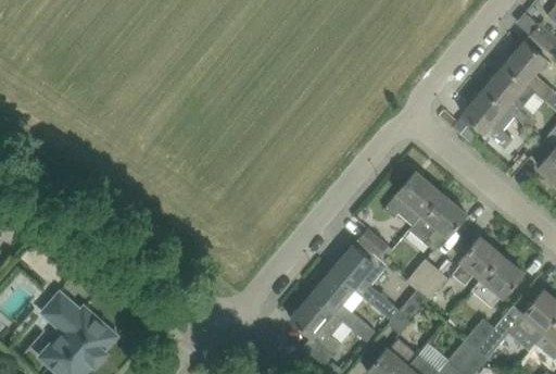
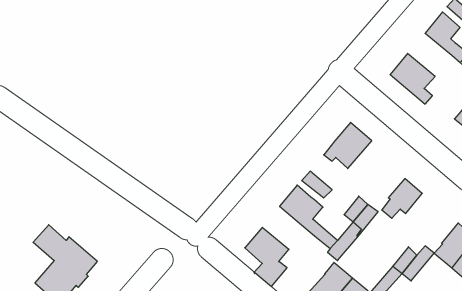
building: [483,66,535,126] -> none
building: [409,194,466,251] -> none
building: [471,255,522,309] -> none
building: [312,271,375,341] -> none

